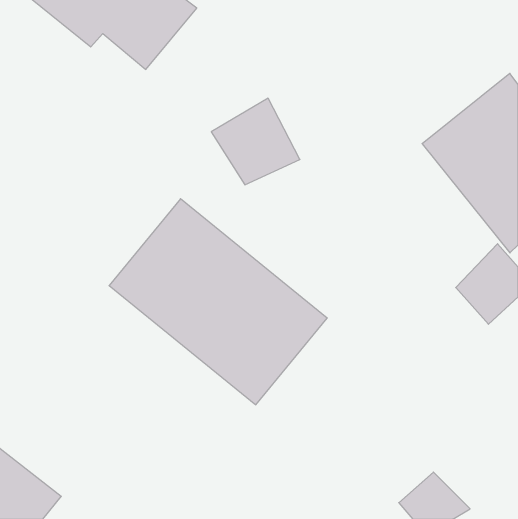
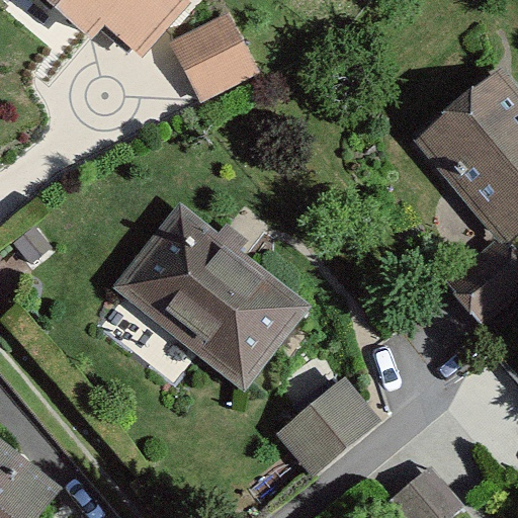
building: [211,98,300,185] -> [169,11,257,97]
building: none -> [275,379,378,472]

